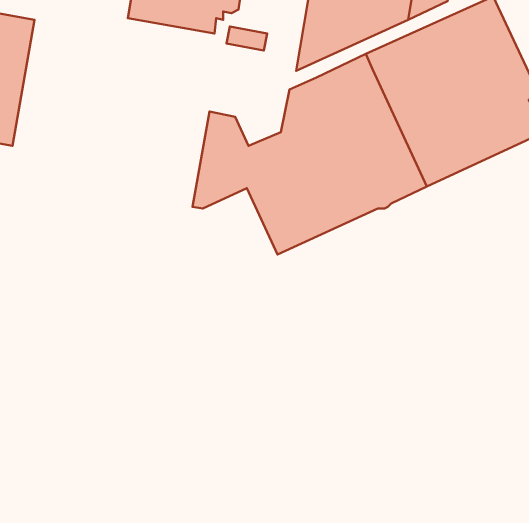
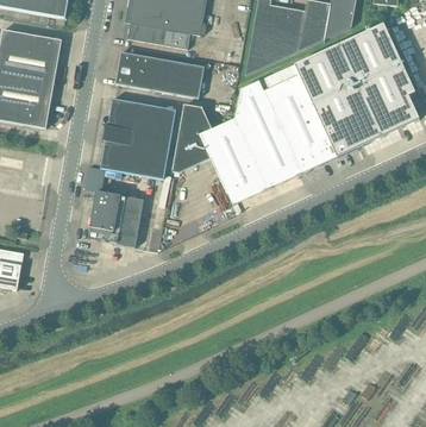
building: none -> [115,51,205,98]
building: none -> [100,98,176,178]
building: none -> [88,190,144,246]

